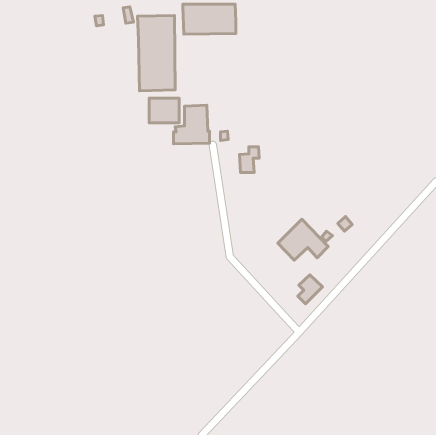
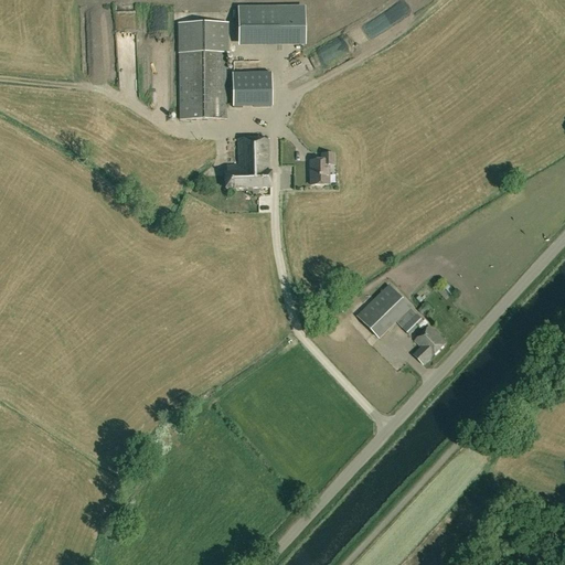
building: [149,98,179,123] -> [233,74,271,106]
building: [240,147,259,173] -> [309,149,334,182]
building: [298,275,323,304] -> [414,324,446,362]

